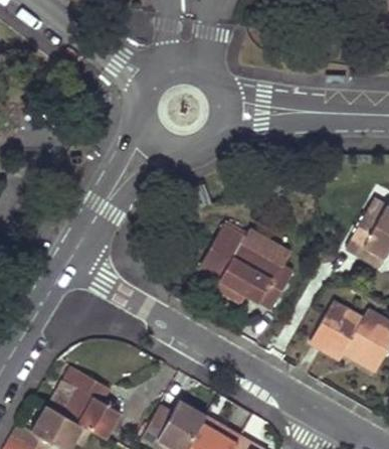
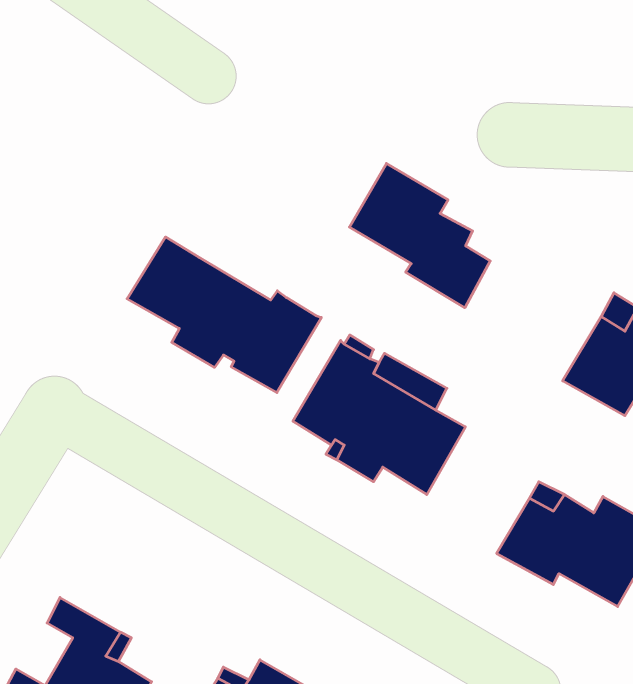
building: none -> [349,163,490,308]
building: none -> [127,237,321,393]

